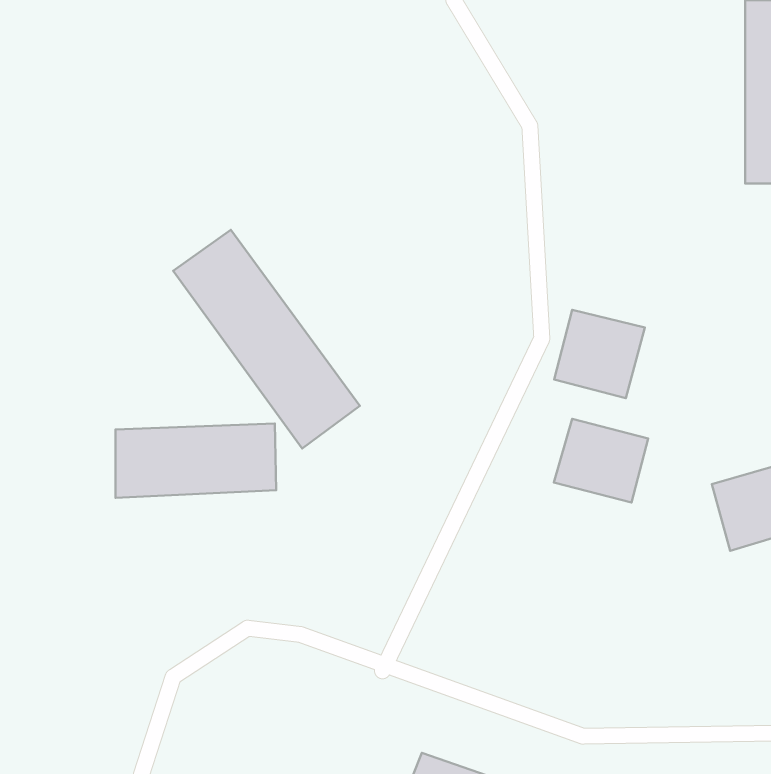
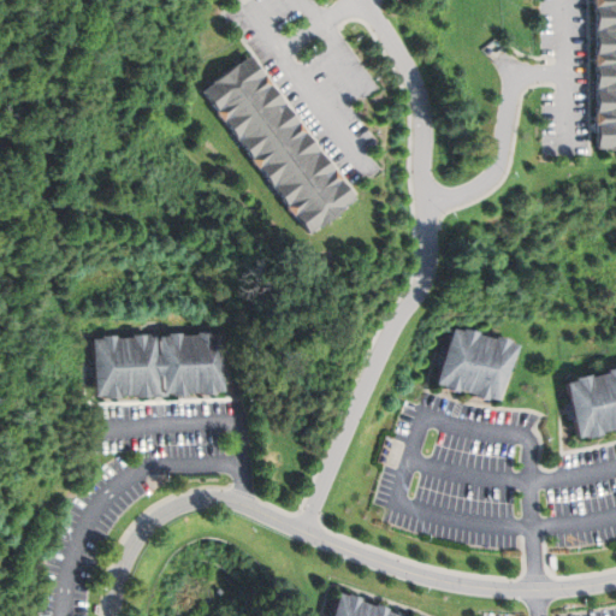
building: [173,230,360,448] -> [207,59,355,232]
building: [554,310,645,398] -> none

